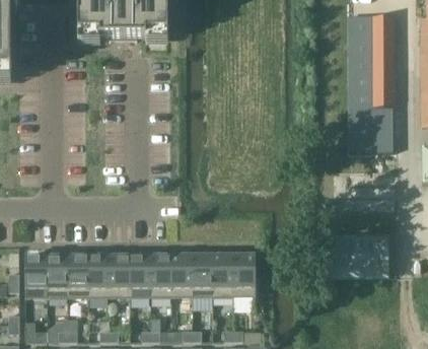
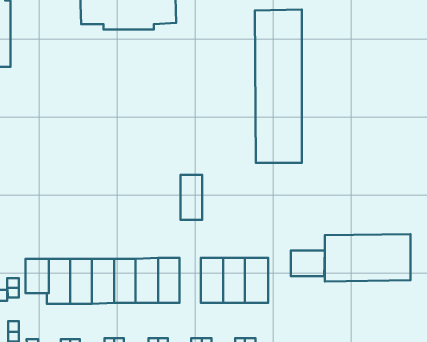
building: [349,15,394,160] -> [255,9,302,163]
building: none -> [291,250,325,276]
building: [170,255,191,297] -> [181,175,202,220]

